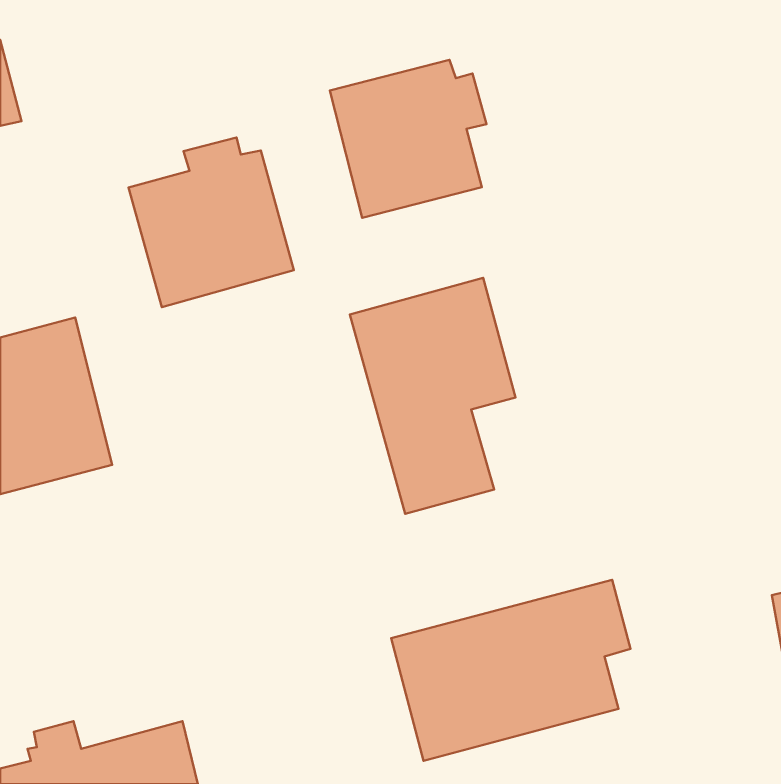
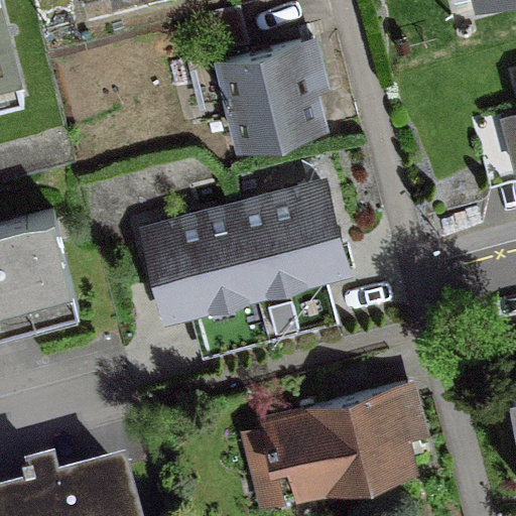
building: [129,137,294,307] -> none
building: none -> [144,207,268,353]

